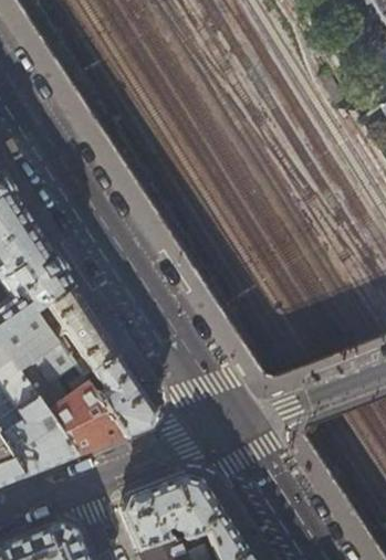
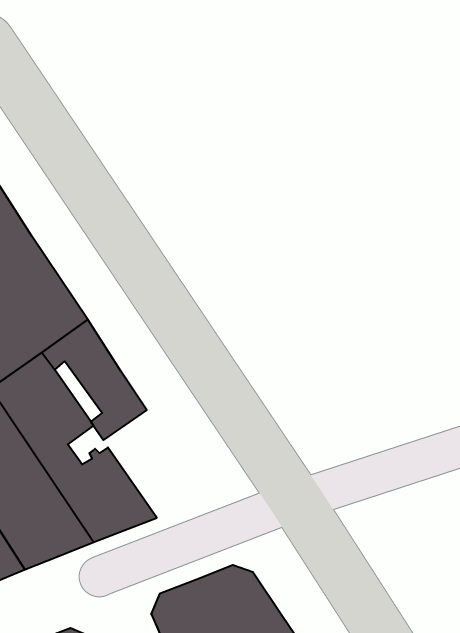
building: [84,355,155,437] -> none

